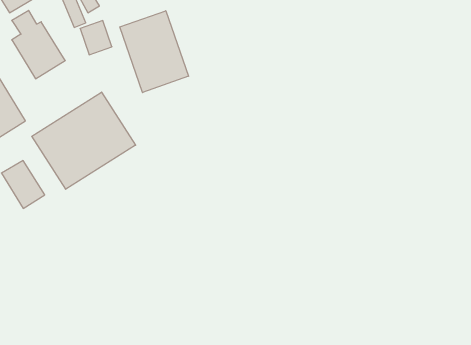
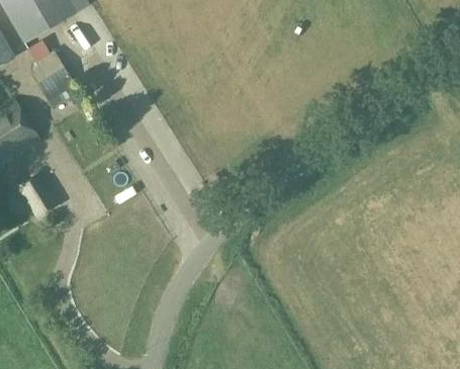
building: [120,11,189,93] -> none
building: [32,92,136,189] -> none

